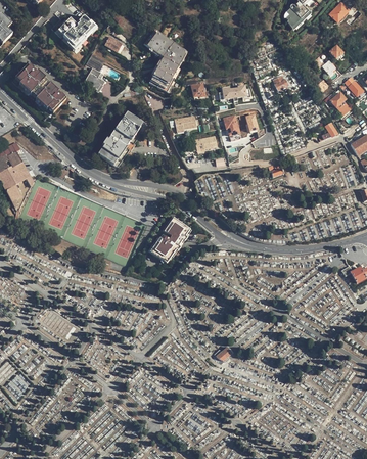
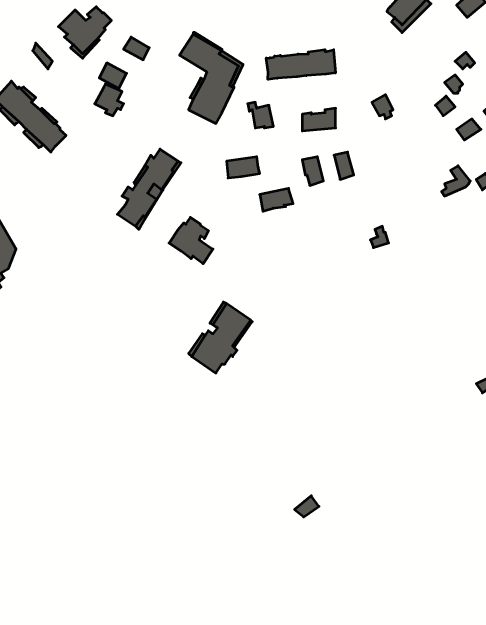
building: none -> [266,50,335,79]
building: none -> [169,217,213,264]

